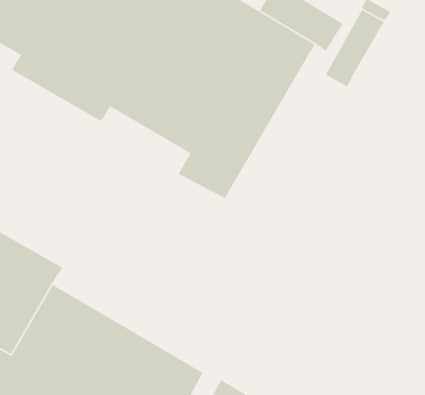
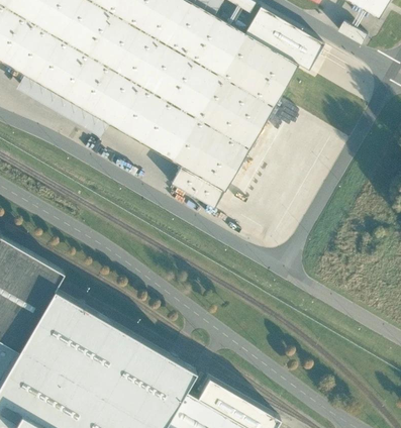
building: [325,9,385,88] -> none

